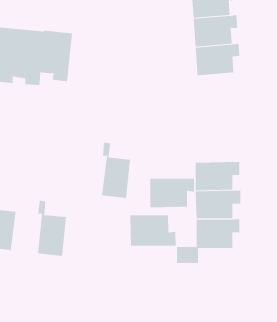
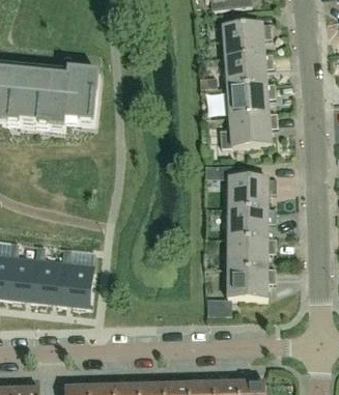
building: none -> [219,111,277,145]
building: [101,142,131,199] -> [33,243,64,302]
building: [150,178,195,208] -> [226,175,274,206]
building: [130,215,176,247] -> none

